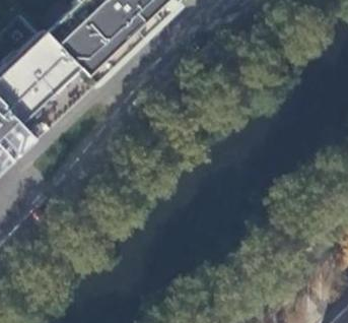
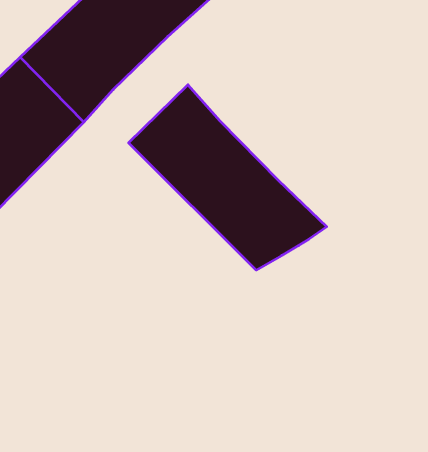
building: none -> [129,85,327,270]

